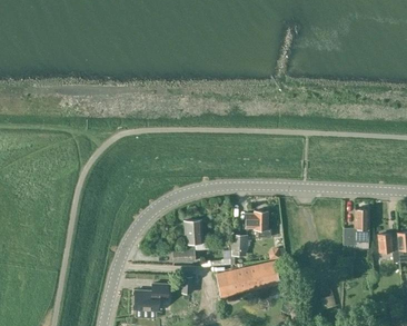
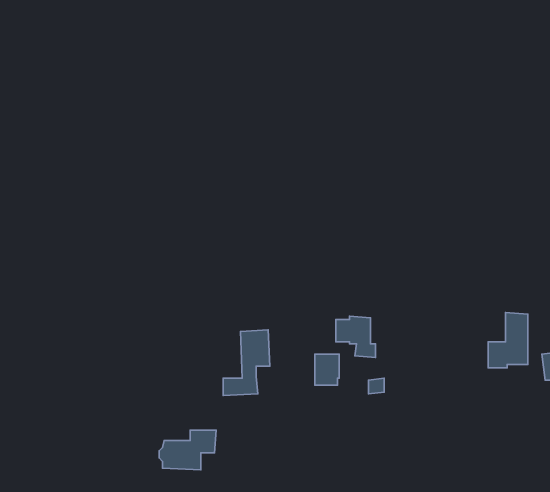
building: [217,261,280,296] -> none

